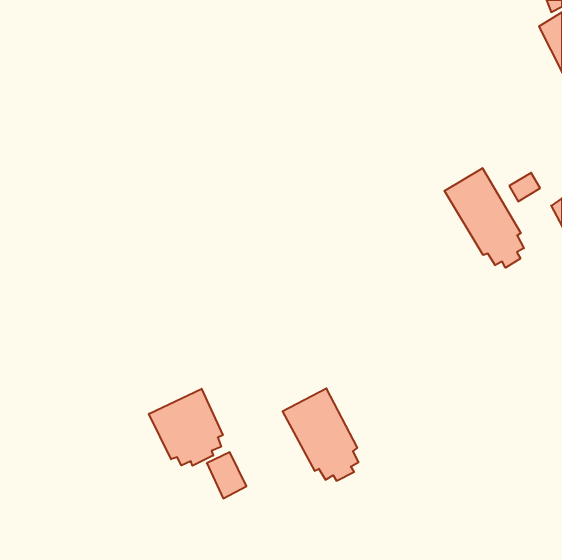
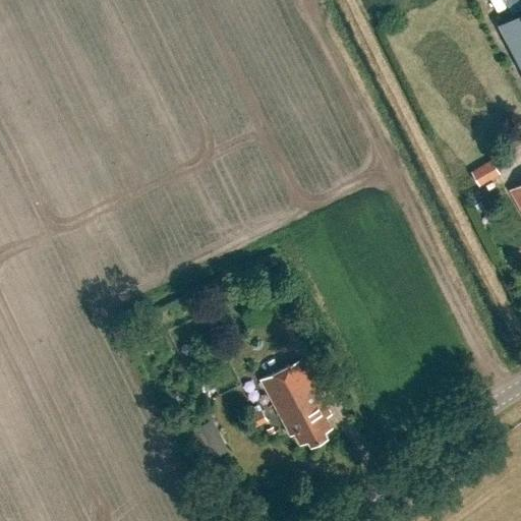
building: [444,168,524,268] -> none
building: [149,389,223,466] -> none

